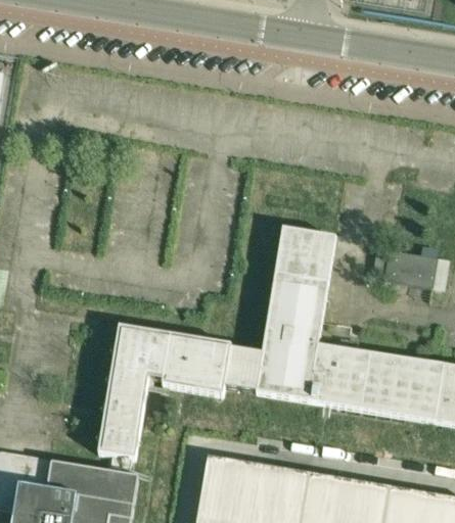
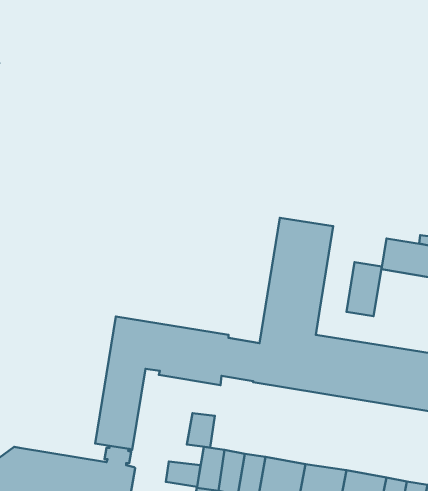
building: none -> [346,262,382,316]
building: none -> [187,413,215,448]
building: none -> [166,461,200,487]

